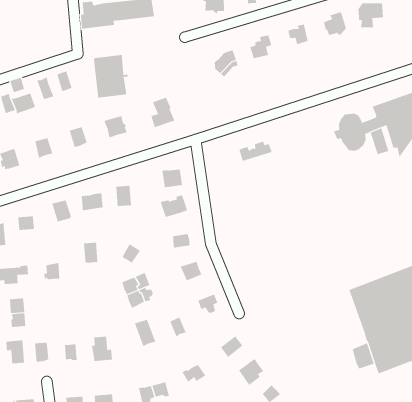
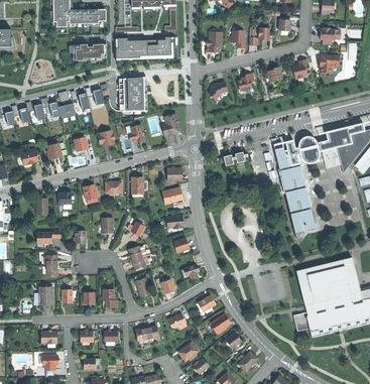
building: none -> [68,43,105,61]
building: none -> [273,140,315,239]

